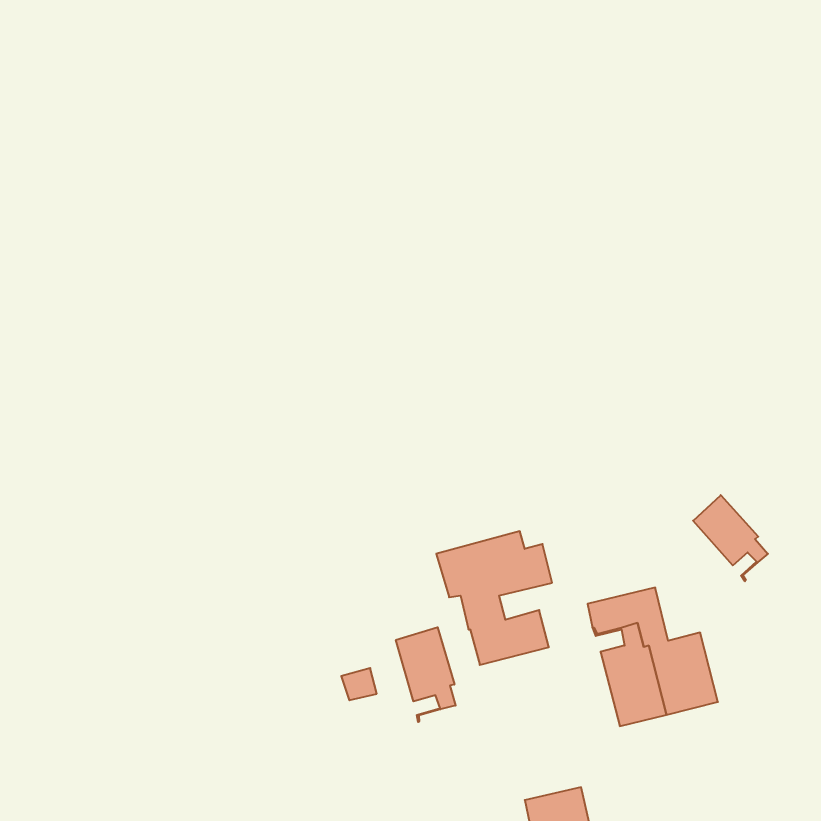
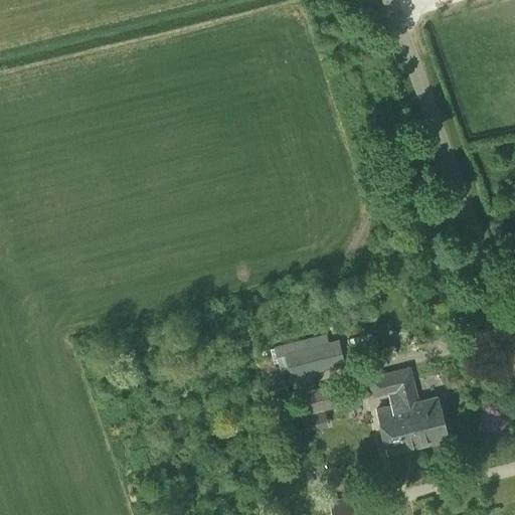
building: [693,495,768,581] -> none
building: [396,627,456,722] -> none

